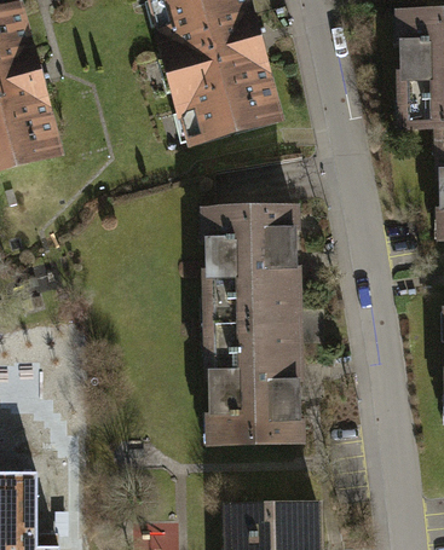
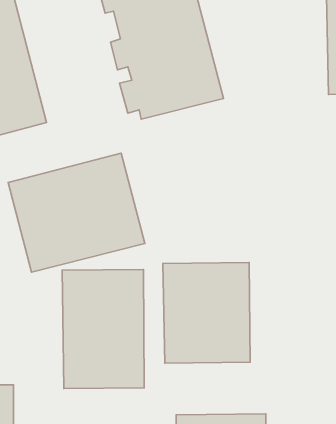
building: none -> [8,153,145,272]
building: [206,208,309,326] -> none
building: none -> [62,269,144,389]

